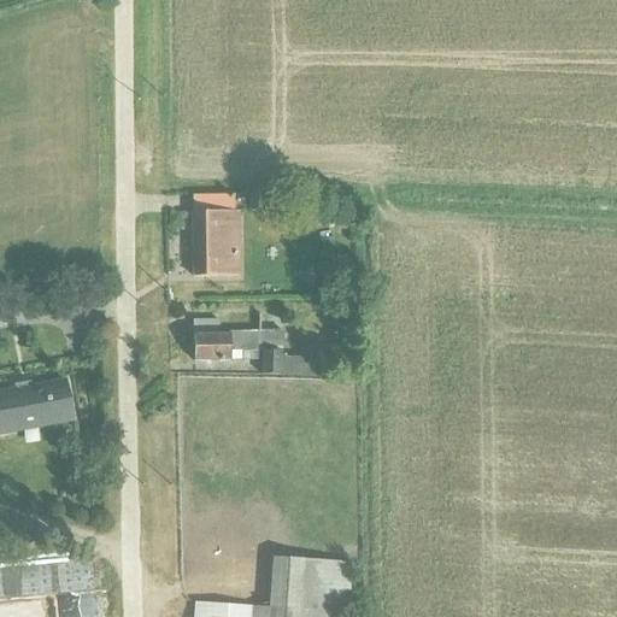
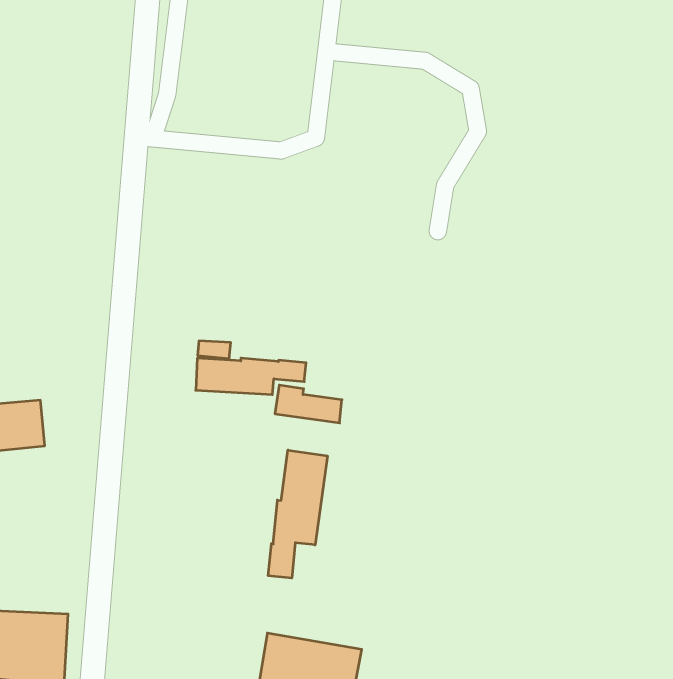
building: [190,195,239,276] -> none
building: none -> [268,450,327,578]

